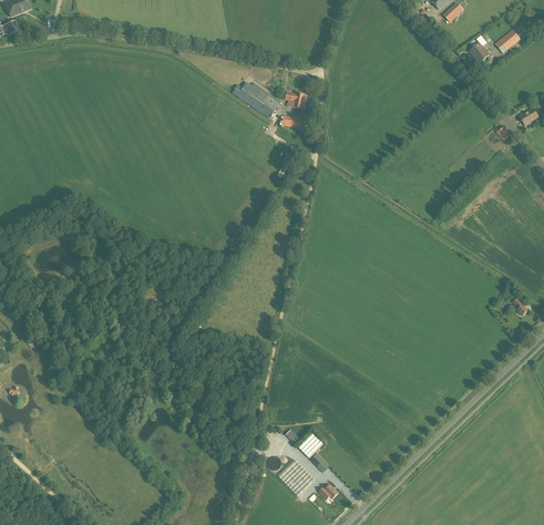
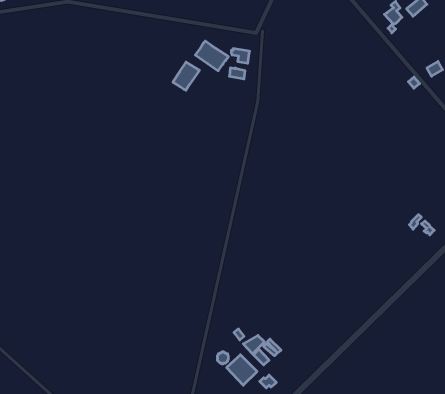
building: none -> [173,62,199,90]

